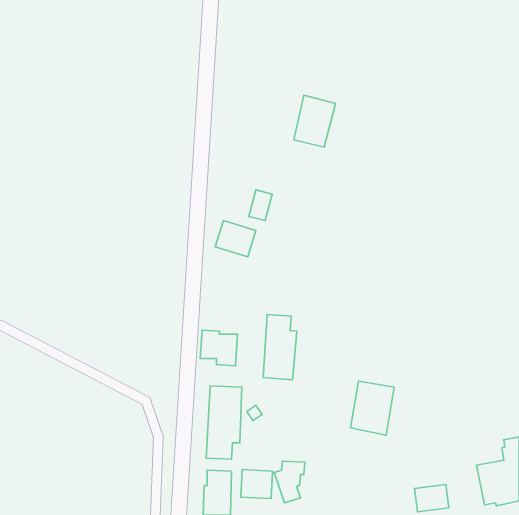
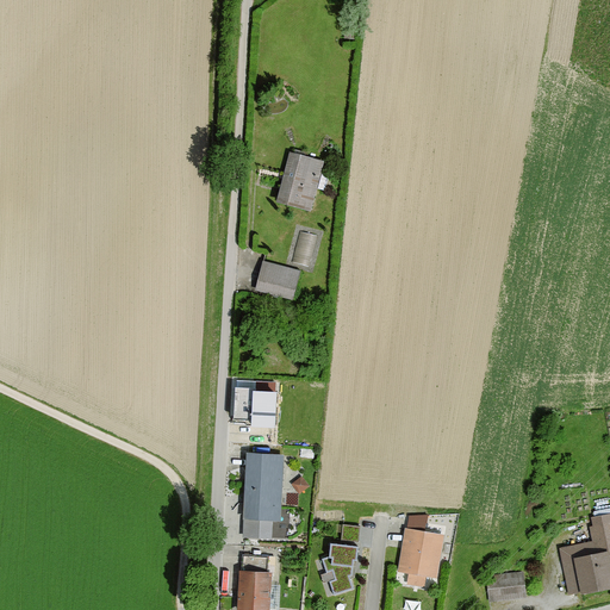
building: [294,95,335,147] -> [275,150,324,211]
building: [263,314,297,380] -> none
building: [350,381,394,435] -> [396,528,447,591]
building: [241,470,273,498] -> none

